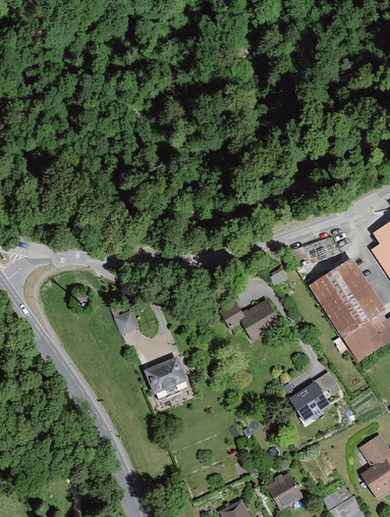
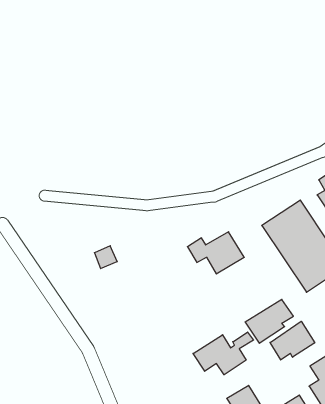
building: [143,357,188,401] -> none
building: none -> [270,321,315,360]
building: none -> [193,332,254,375]

